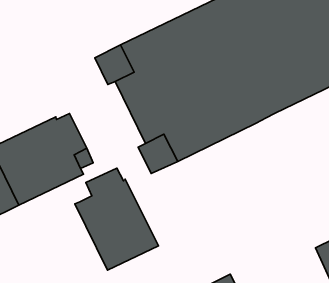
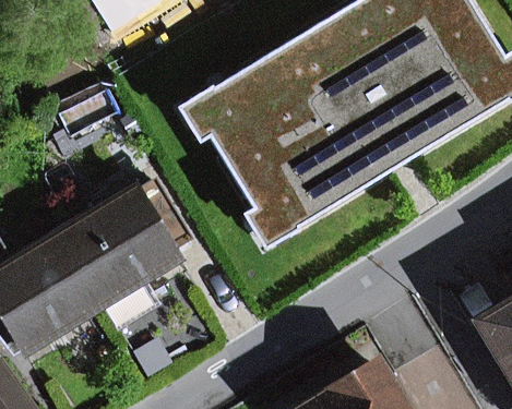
building: [75,168,158,270] -> none

